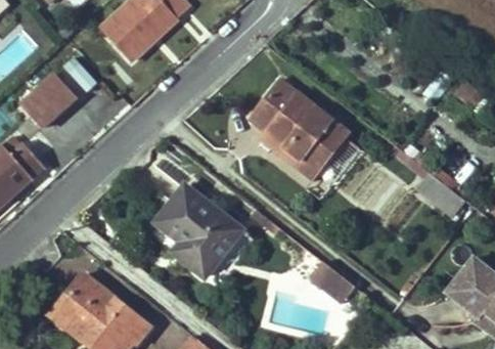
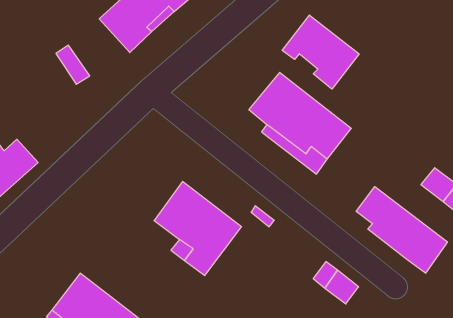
building: none -> [282,15,359,89]
building: [21,74,76,129] -> none
building: none -> [356,187,447,273]

